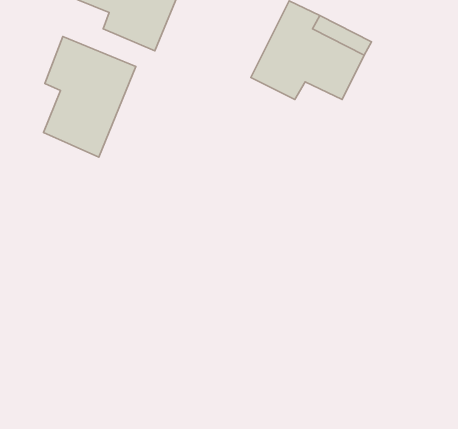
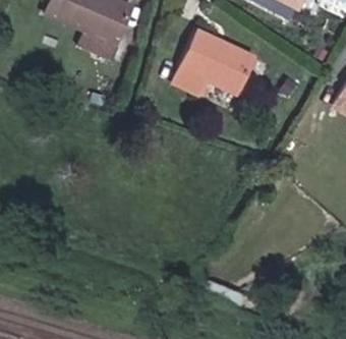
building: [43,37,136,157] -> none

